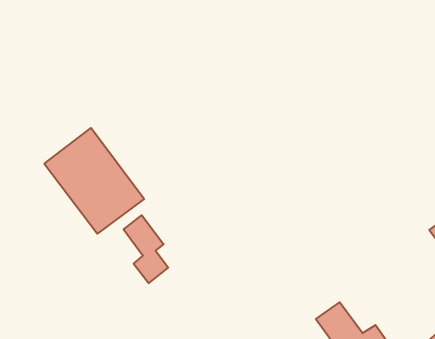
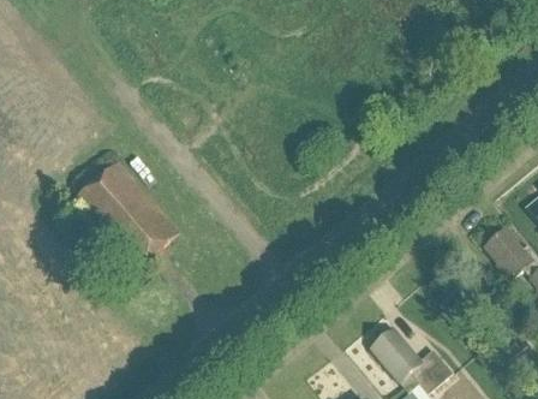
building: [124,215,168,283] -> none

